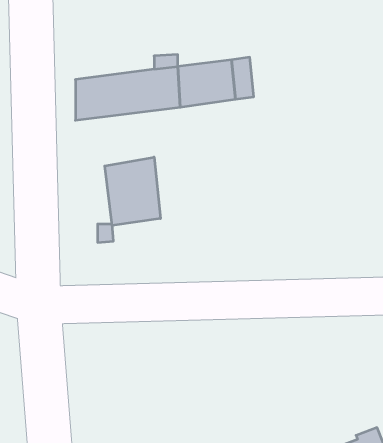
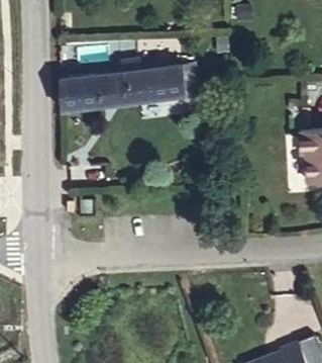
building: [105,157,160,226] -> none

